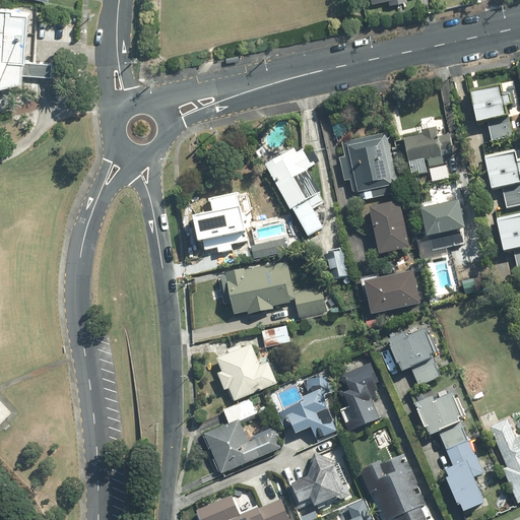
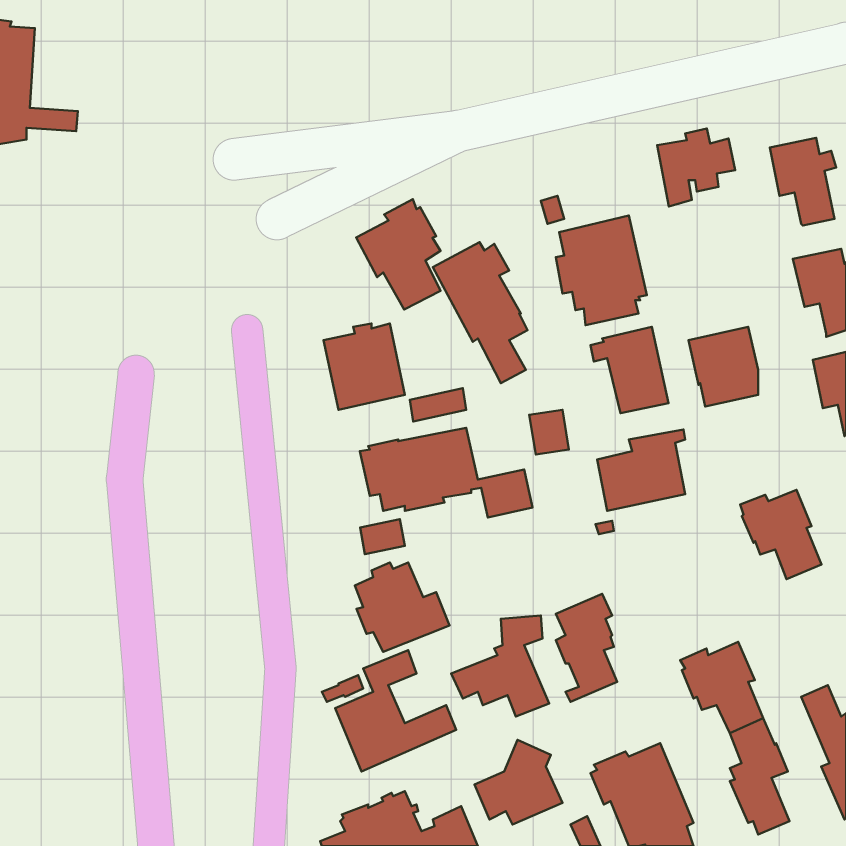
building: none -> [356,199,441,310]
building: [404,127,452,175] -> [657,129,735,207]
building: [261,325,288,346] -> [360,519,405,554]
building: [390,330,440,385] -> [740,490,821,579]

